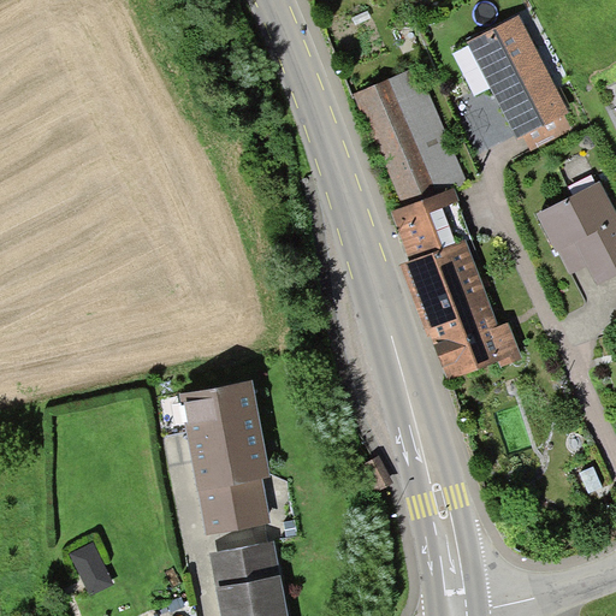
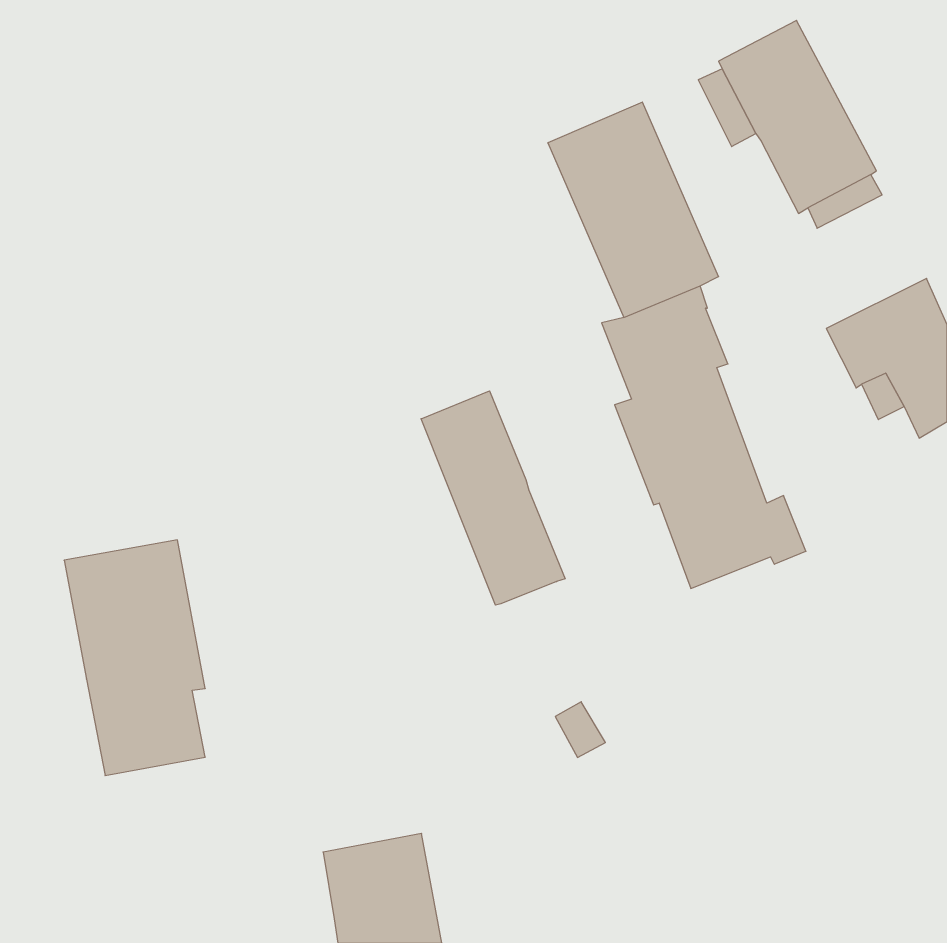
building: none -> [421,391,565,605]
building: [179,381,271,534] -> [64,540,205,776]
building: [70,541,113,593] -> none

